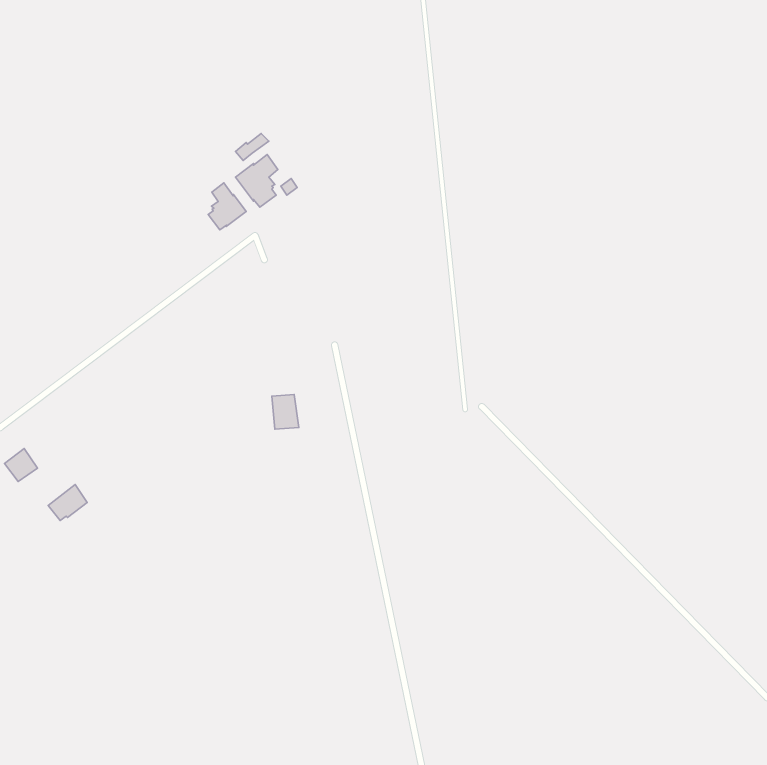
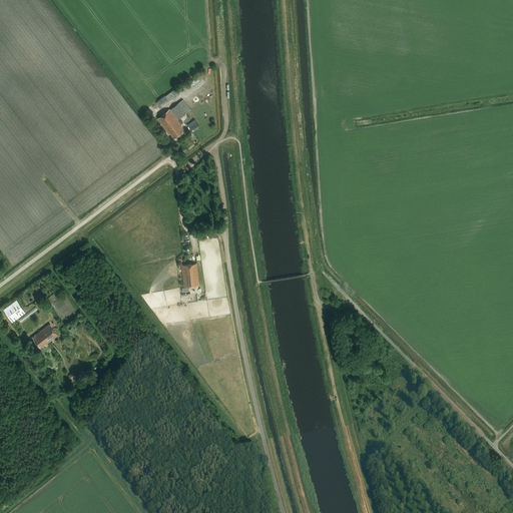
building: [208,183,246,230] -> none

